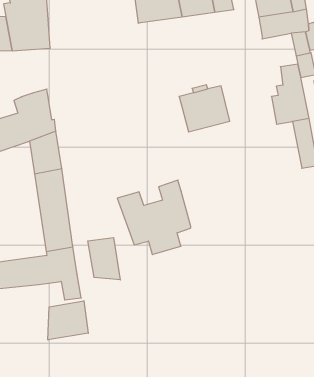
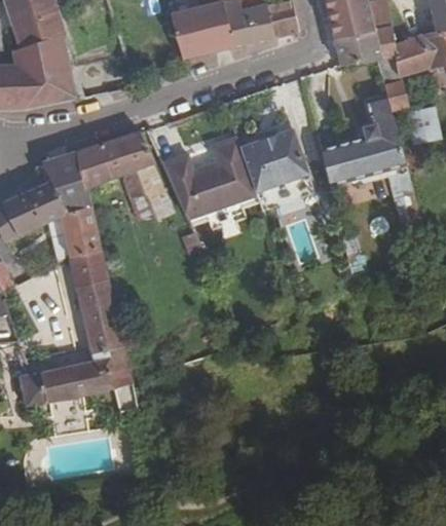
building: none -> [75,130,175,219]
building: none -> [319,138,365,182]
building: [117,180,191,255] -> [161,134,256,229]
building: [88,238,120,280] -> none
building: [48,301,88,340] -> none

